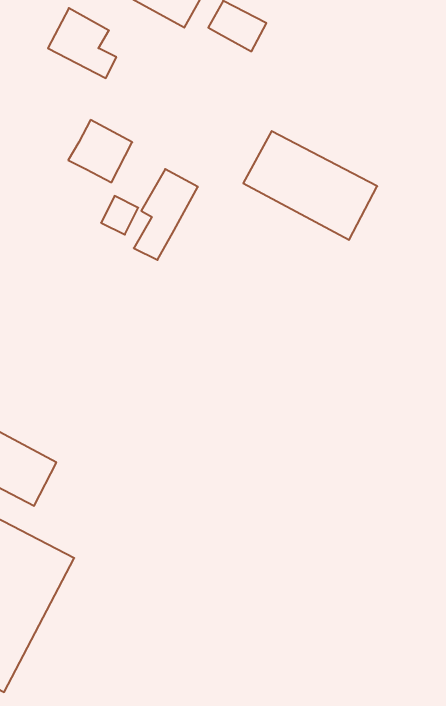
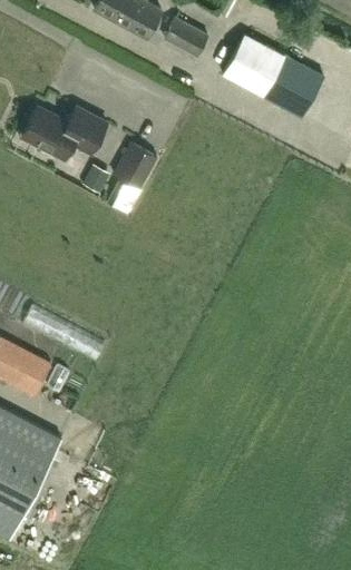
building: [48,8,116,78] -> [22,108,74,160]
building: [243,131,377,240] -> [223,36,323,117]

